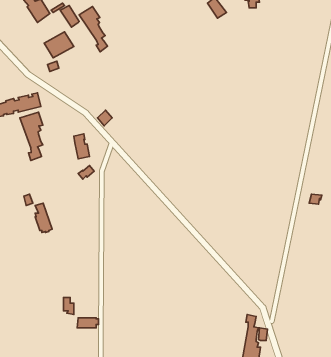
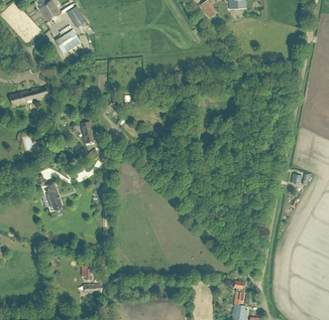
building: [79,6,108,52] -> none
building: [20,112,43,160] -> none

